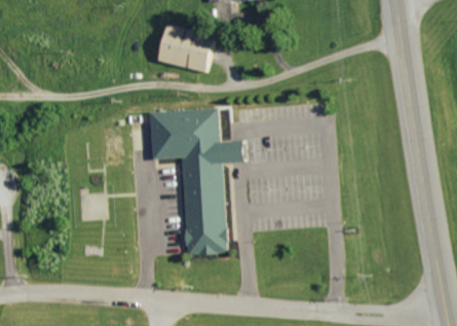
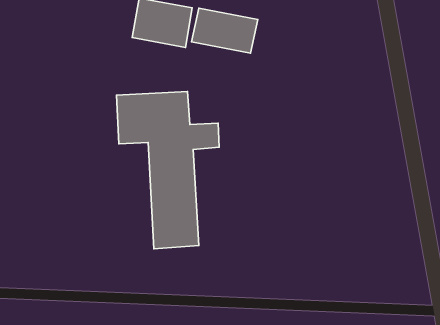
building: none -> [191,8,258,53]

